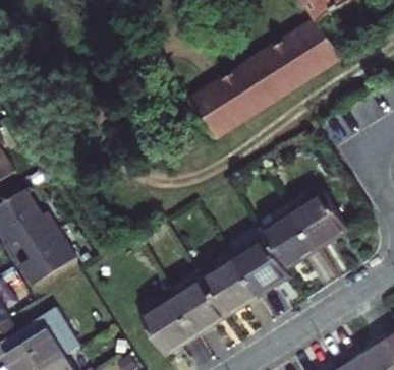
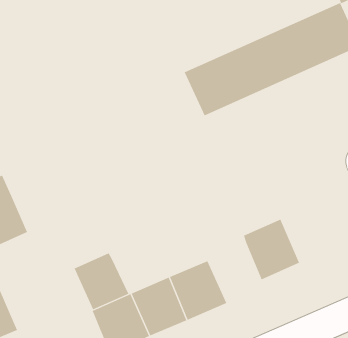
building: [293,193,347,249] -> none
building: [235,239,288,294] -> none
building: none -> [74,253,129,310]

